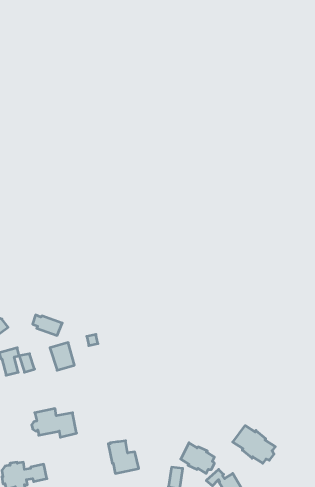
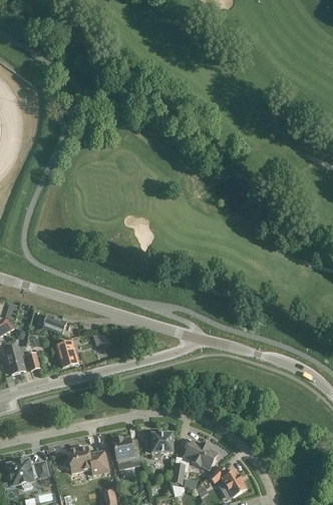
building: [32,409,77,437] -> [64,446,108,474]
building: [233,426,275,463] -> none
building: none -> [144,431,174,457]

